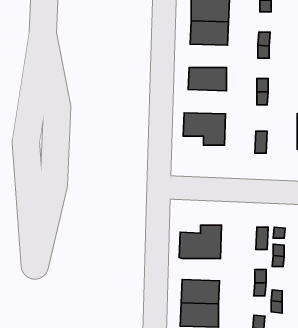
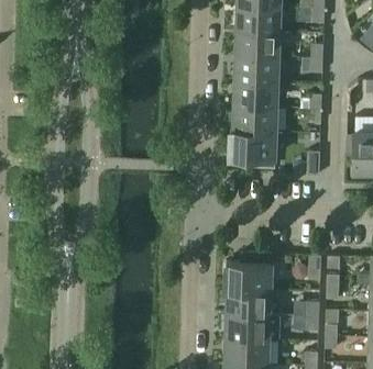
building: none -> [235,58,277,83]
building: none -> [230,108,276,134]
building: none -> [228,291,270,315]

